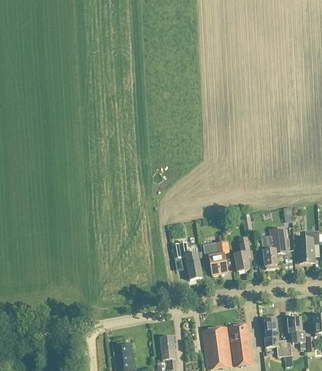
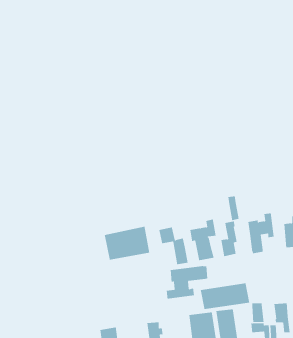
building: none -> [104,226,150,261]
building: none -> [166,265,208,300]
building: none -> [200,283,250,310]

